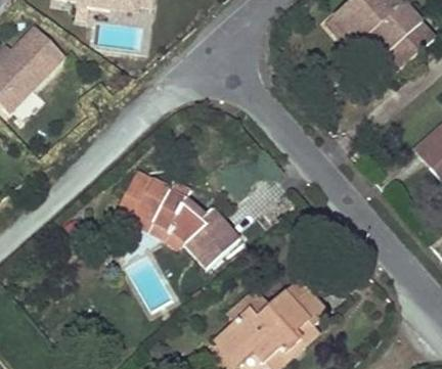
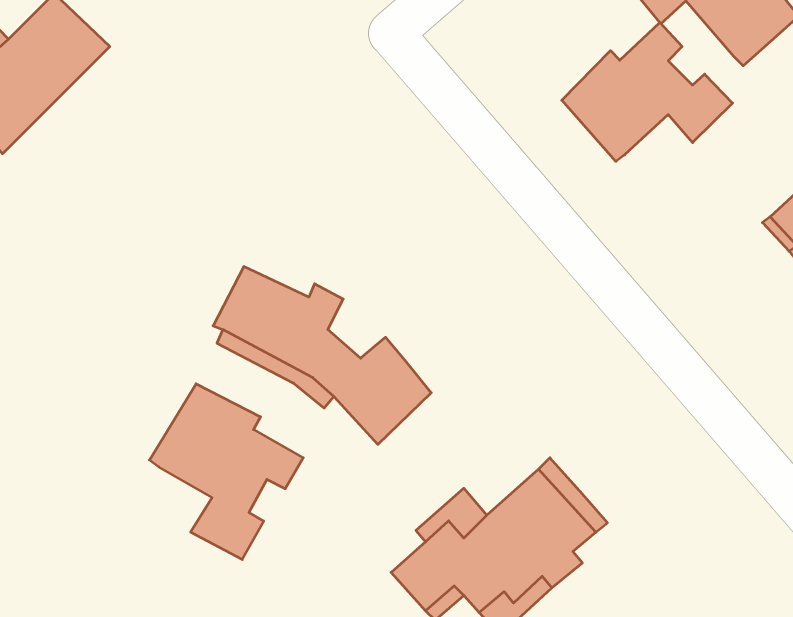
building: none -> [562,22,733,161]
building: none -> [149,384,303,560]

